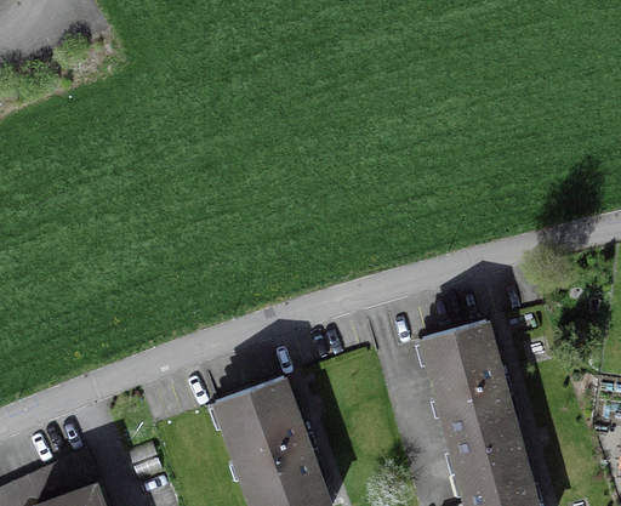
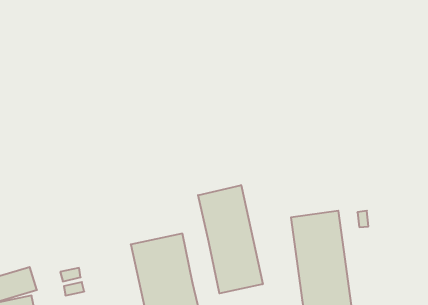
building: none -> [198,185,263,293]

